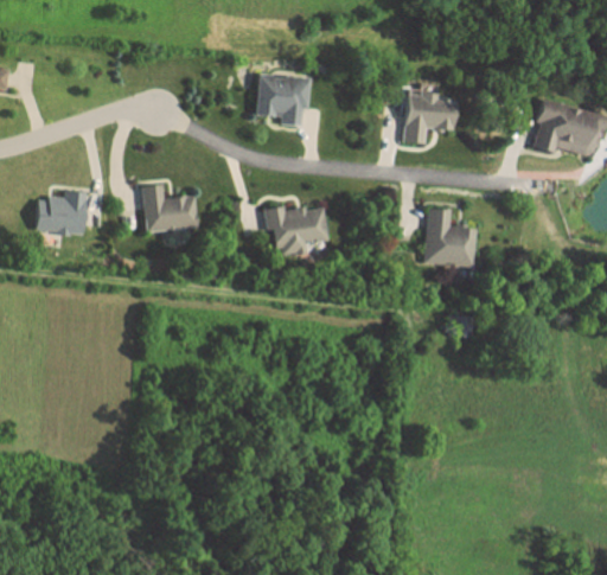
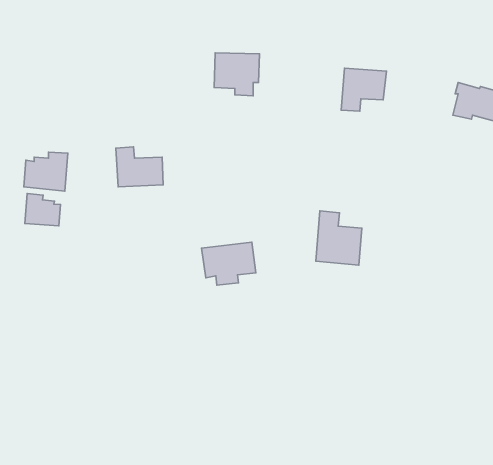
building: [264,204,327,254] -> [202,242,256,285]
building: [423,206,477,269] -> [316,211,362,265]
building: none -> [25,193,61,226]

